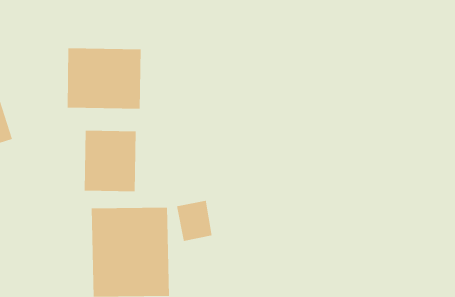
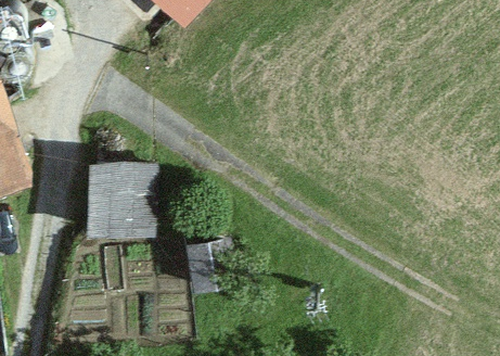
building: [67,48,141,110] -> none

